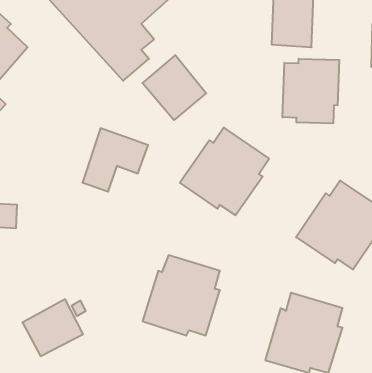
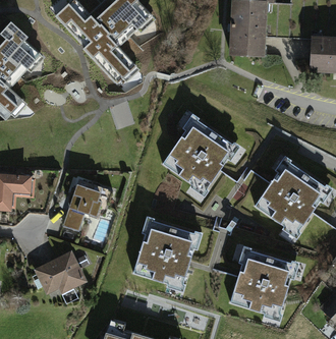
building: [142,55,206,120] -> none
building: [282,59,339,123] -> none
building: [82,128,148,192] -> [58,176,110,226]

